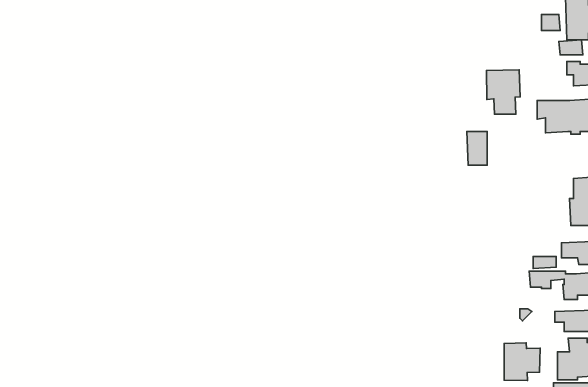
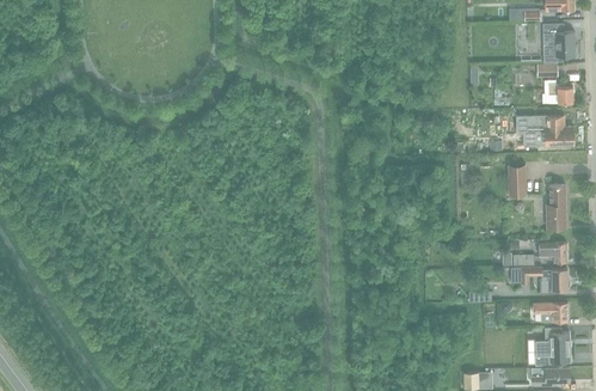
building: [487,70,520,114] -> none
building: [467,132,487,165] -> [508,164,526,194]
building: [504,343,540,381] -> none

